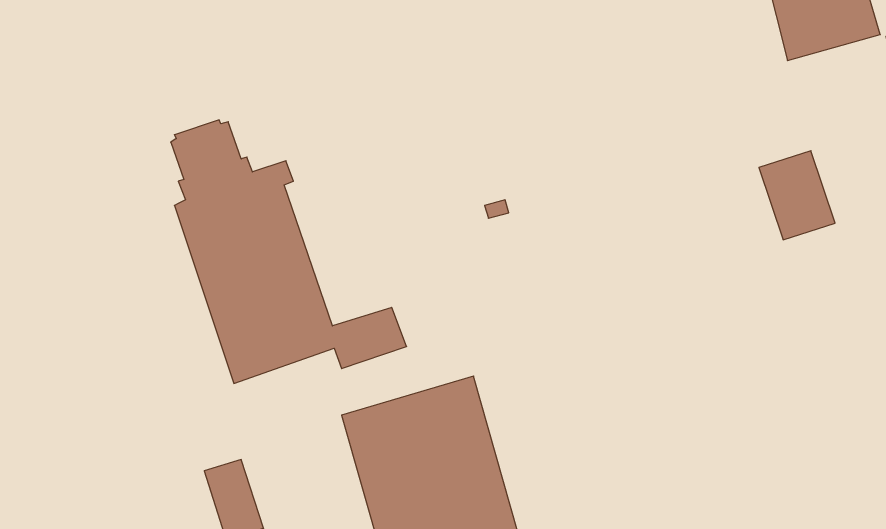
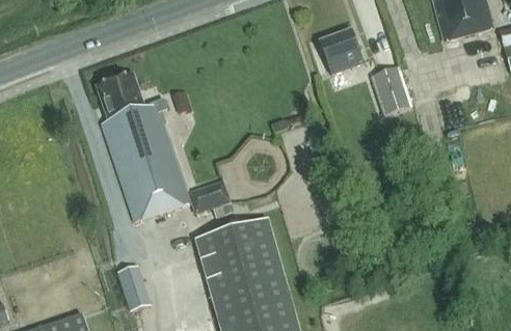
building: none -> [319,29,364,73]
building: [759,151,835,240] -> [370,65,412,115]

